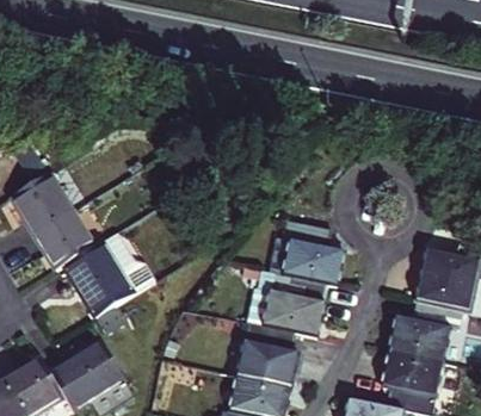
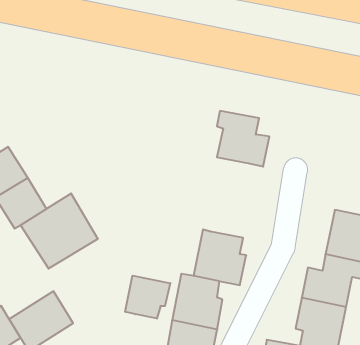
building: [283,219,344,284] -> [217,111,269,167]
building: none -> [125,276,170,319]

